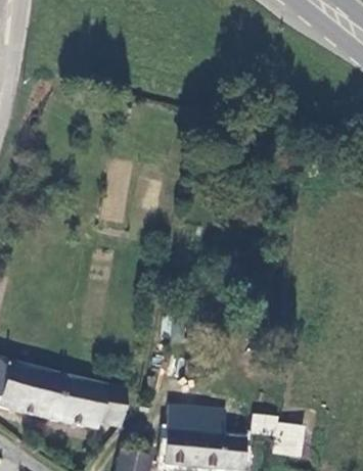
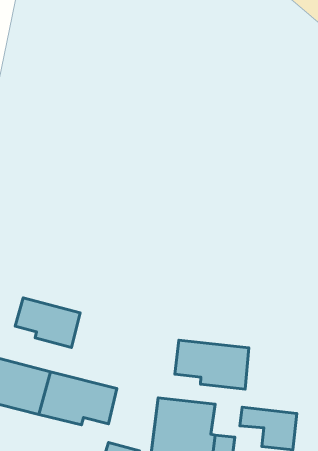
building: none -> [15,298,80,348]
building: none -> [175,340,249,389]

